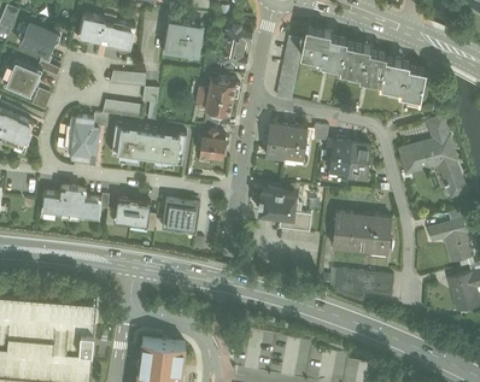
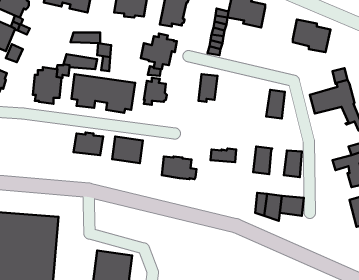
building: [340,42,386,81] -> none
building: [285,125,308,159] -> none
building: [329,140,352,175] -> none
building: [41,186,101,217] -> none
building: [259,188,302,216] -> [162,156,196,179]
building: [351,216,373,246] -> none

